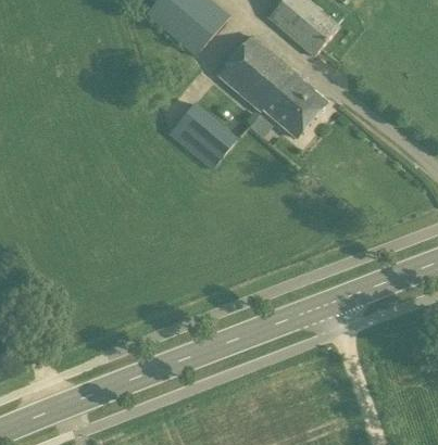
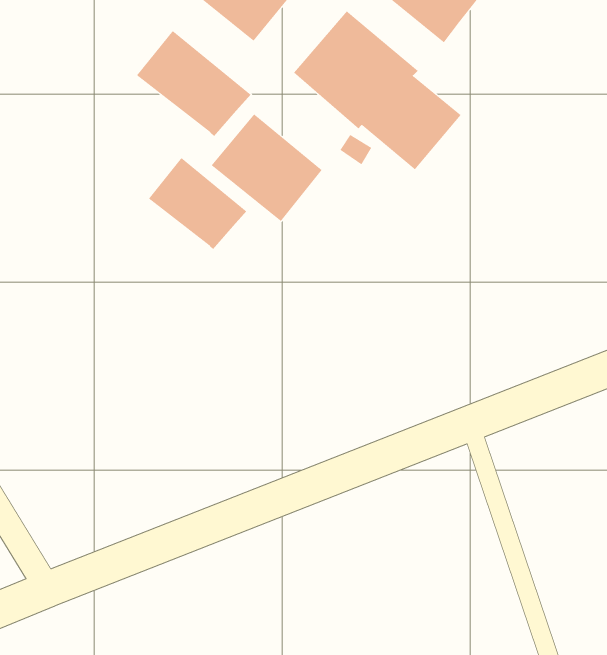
building: none -> [136,30,252,137]
building: none -> [148,157,247,250]

